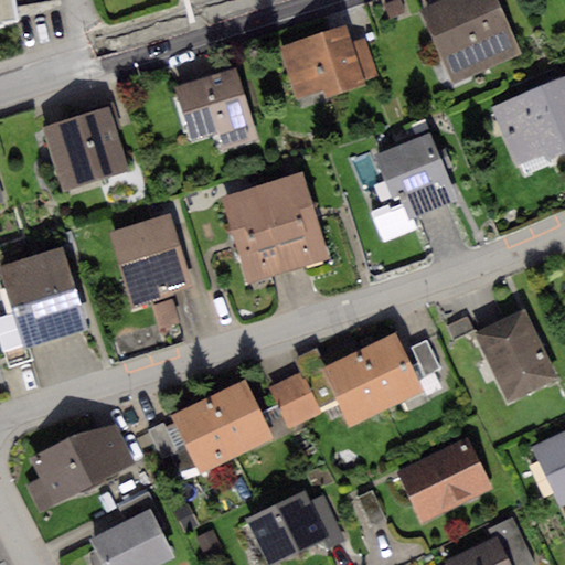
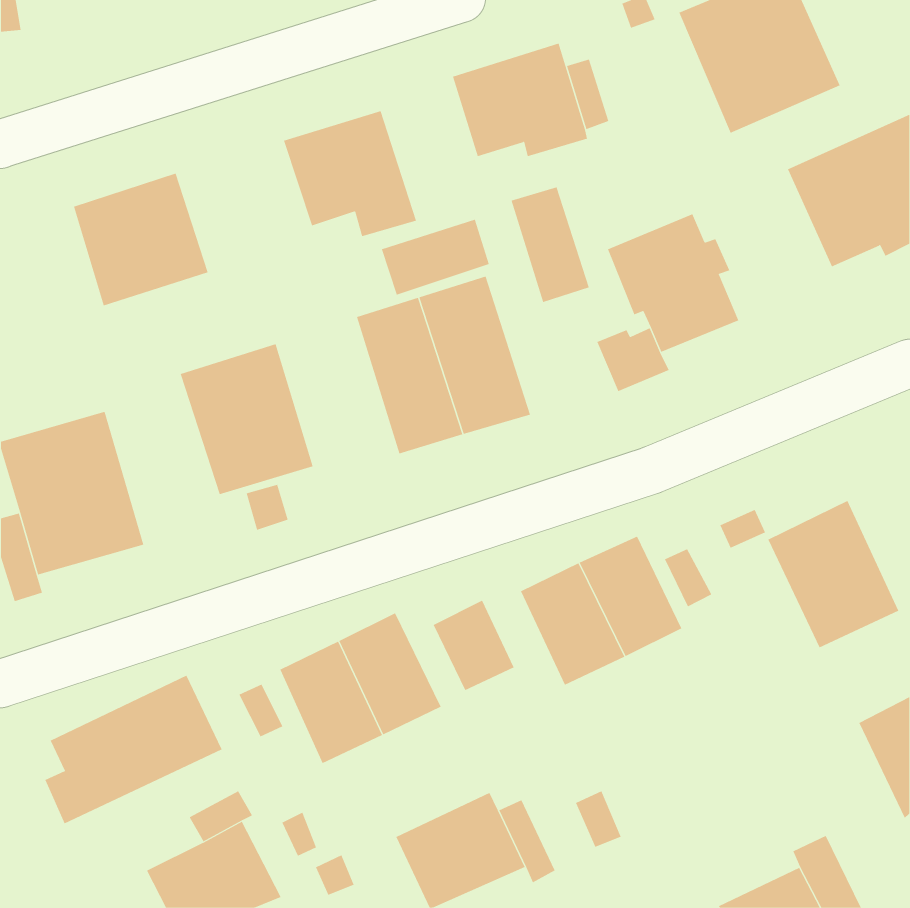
building: none -> [511,186,590,303]
building: none -> [381,219,489,296]
building: [397,437,493,522] -> none

